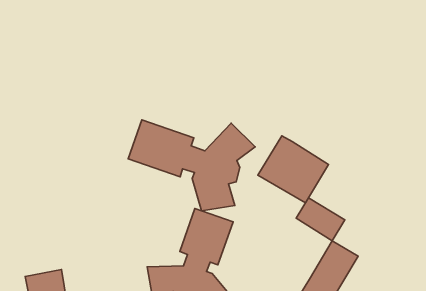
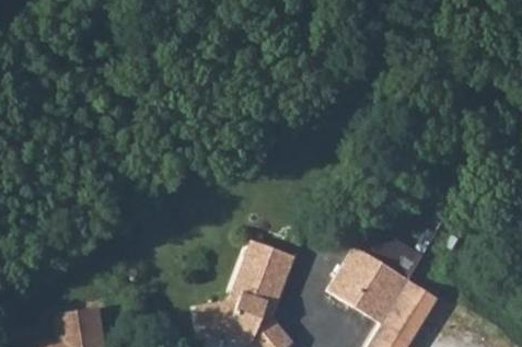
building: [128,120,255,211] -> none
building: [258,136,328,203] -> [327,245,408,322]

